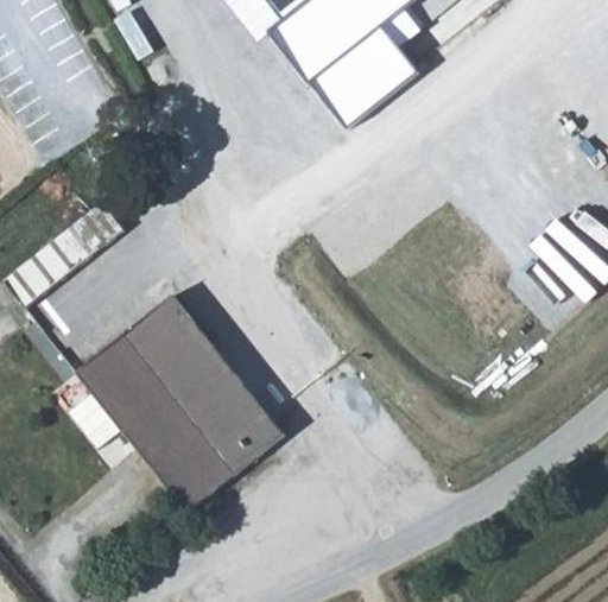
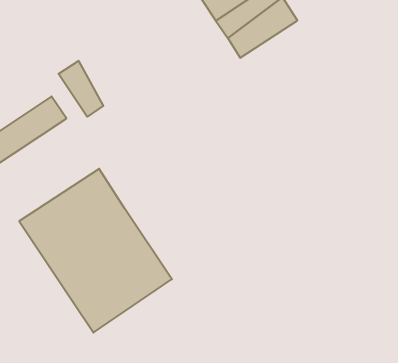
building: none -> [59,61,103,117]

